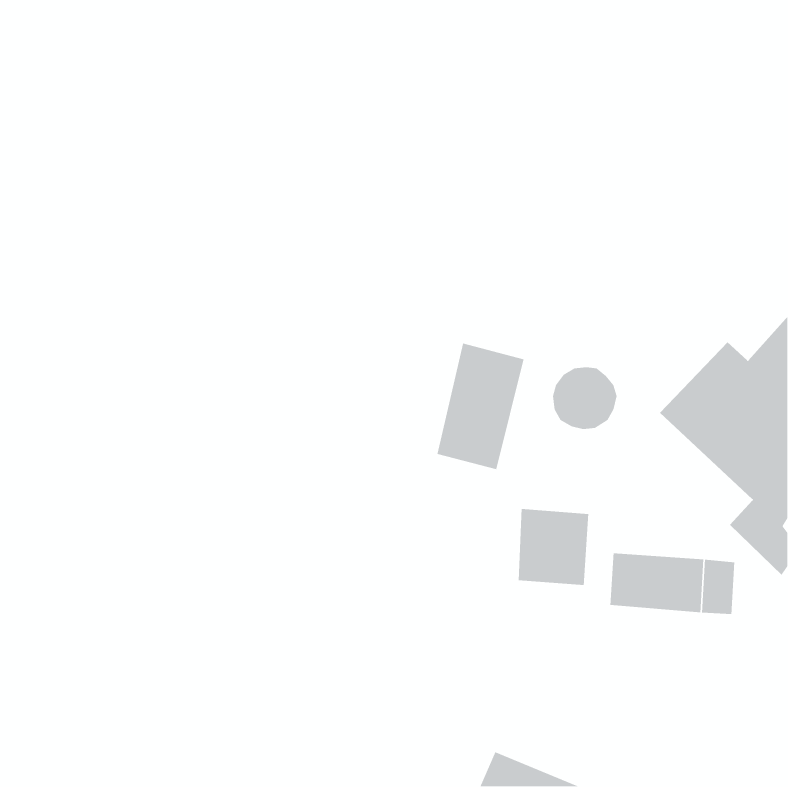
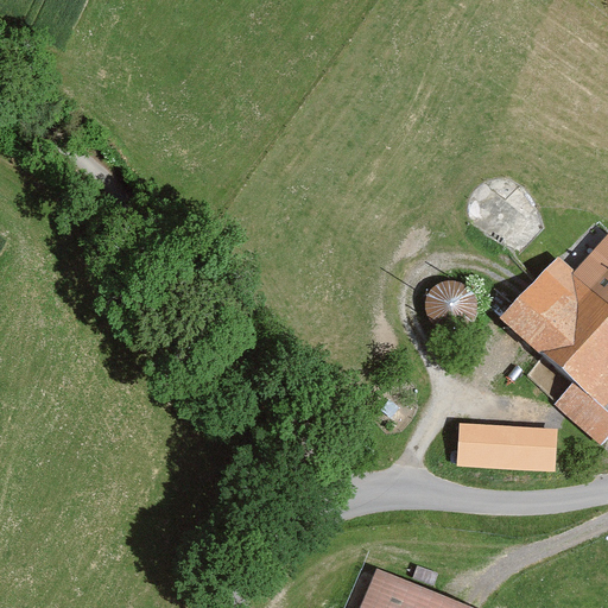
building: [436,342,525,470] -> none
building: [518,508,589,586] -> none

